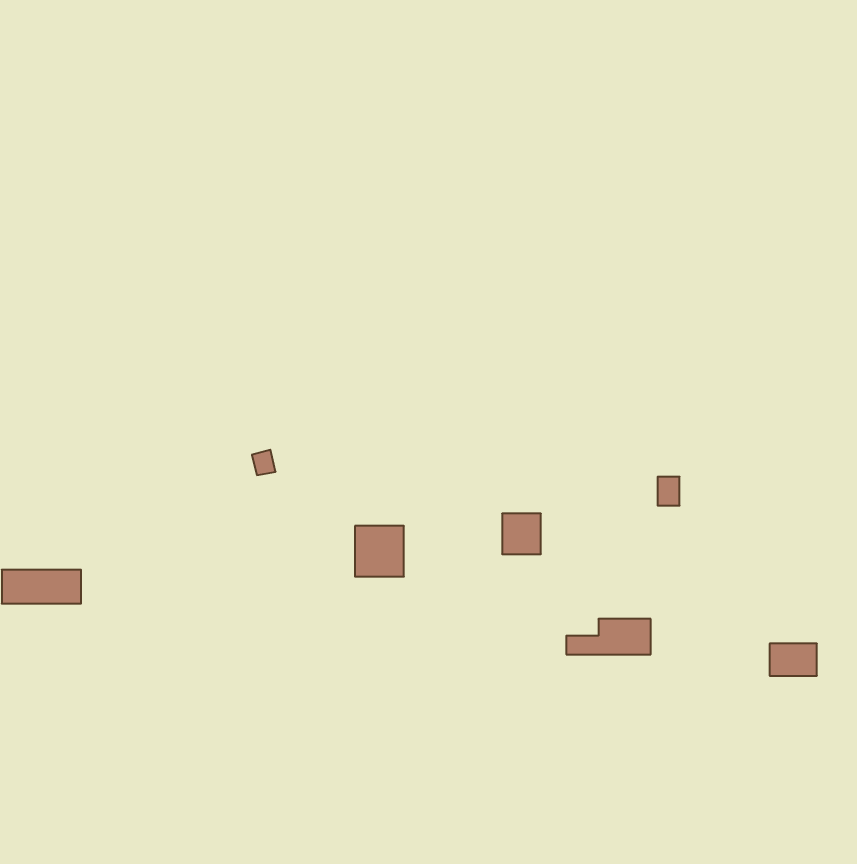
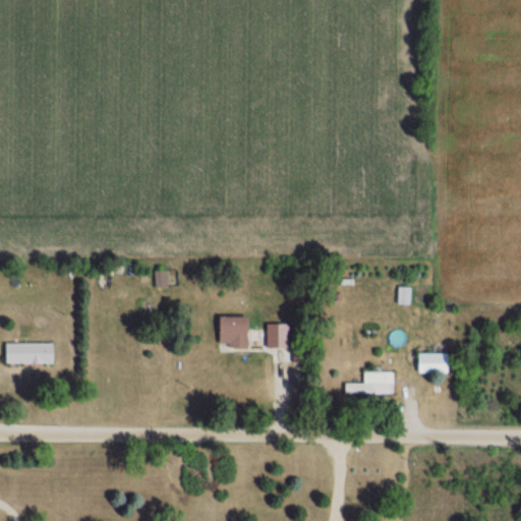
building: [502,514,541,554] -> [267,324,290,348]
building: [770,644,817,676] -> [418,353,447,372]

